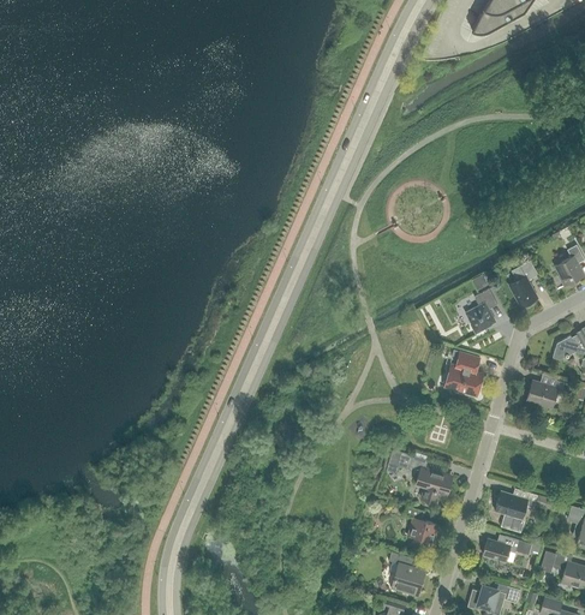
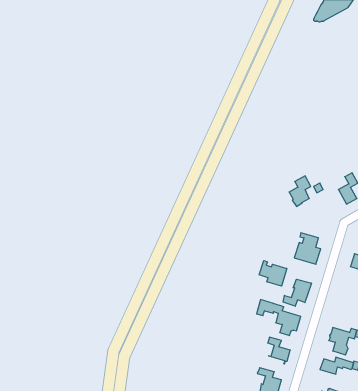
building: [465,288,497,334] -> [289,176,311,206]
building: none -> [259,261,287,286]
building: none -> [283,279,311,306]

